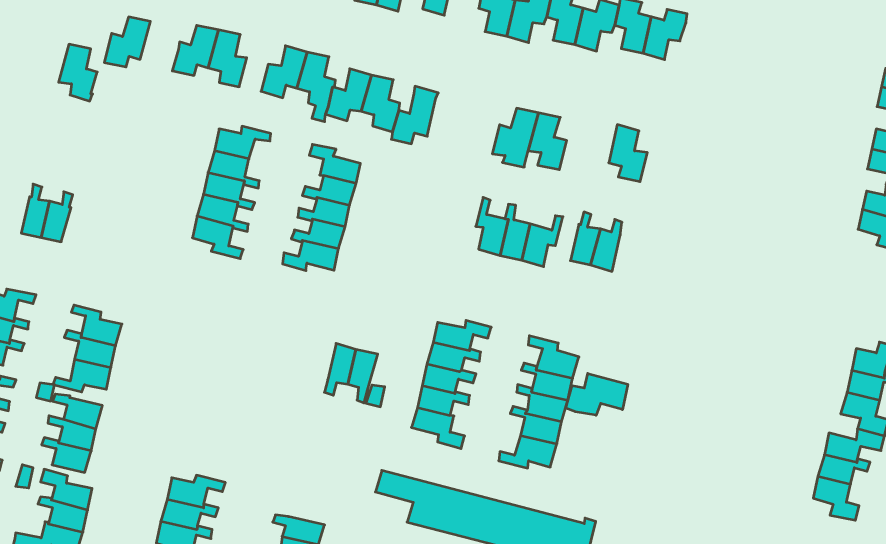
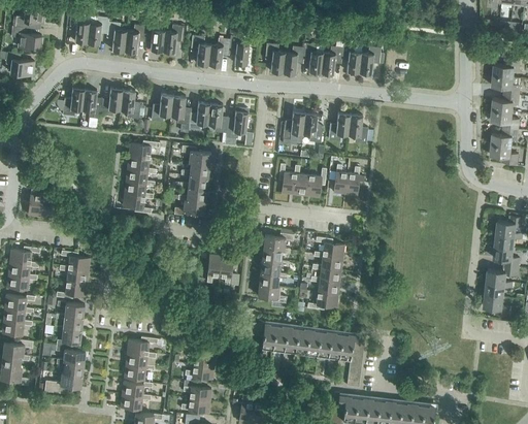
building: [59,44,97,101] -> [81,89,102,119]
building: none -> [328,112,350,140]
building: [566,373,628,415] -> none

